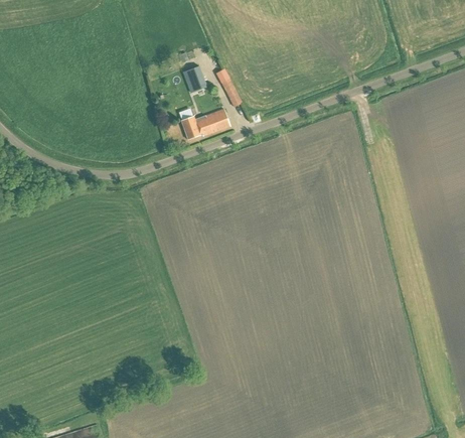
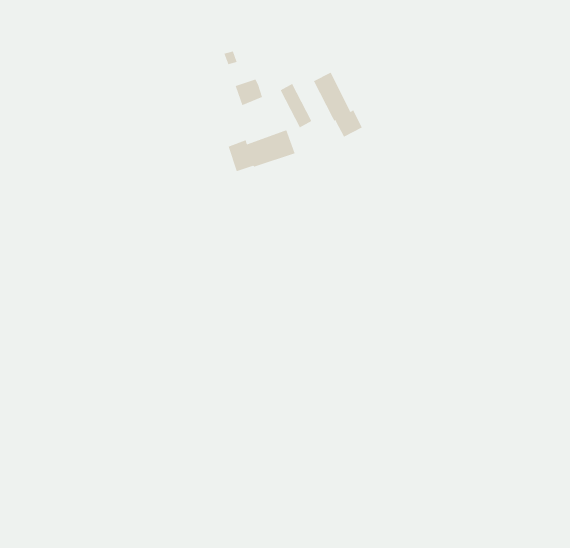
building: none -> [313,72,362,138]

